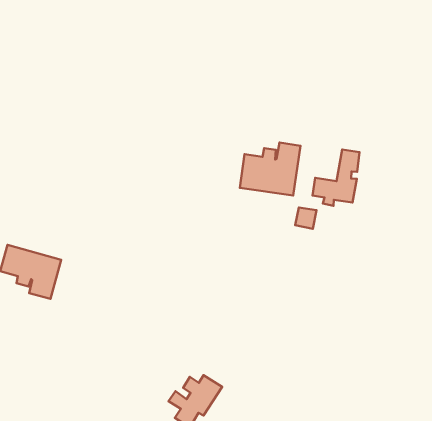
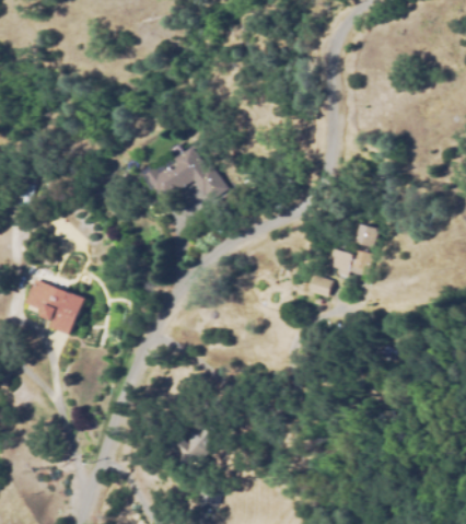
building: none -> [147,145,225,199]
building: [240,142,301,196] -> none

